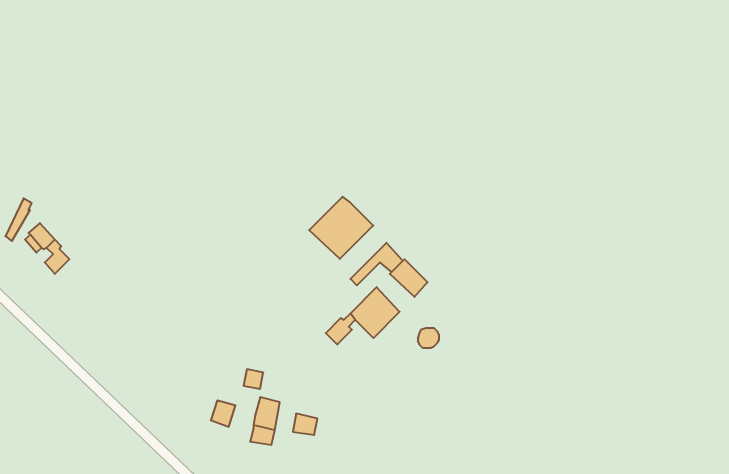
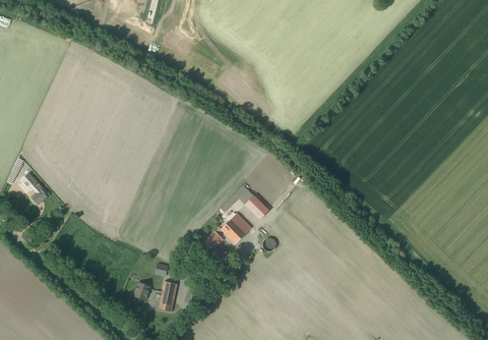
building: [309,197,373,259] -> none

